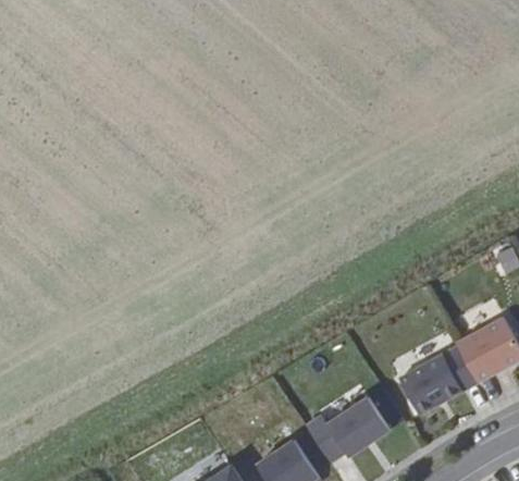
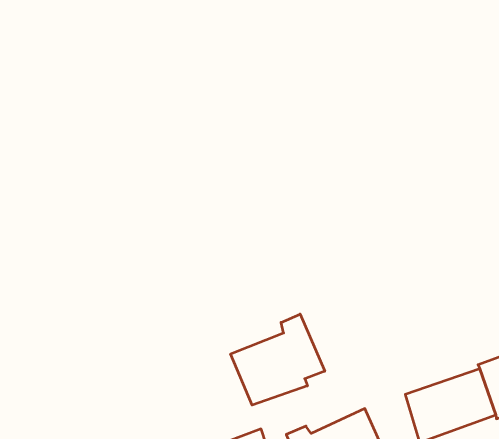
building: none -> [231,314,325,405]

